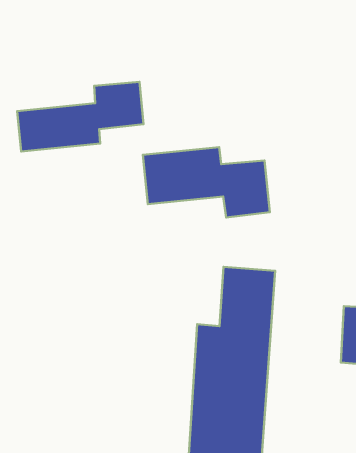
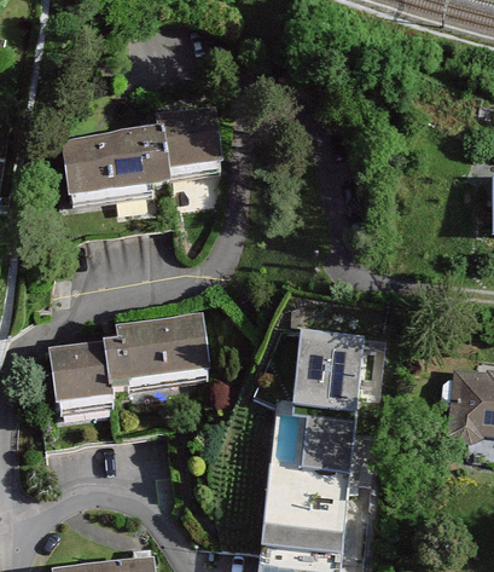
building: [143,147,270,217] -> none
building: none -> [48,320,204,410]

